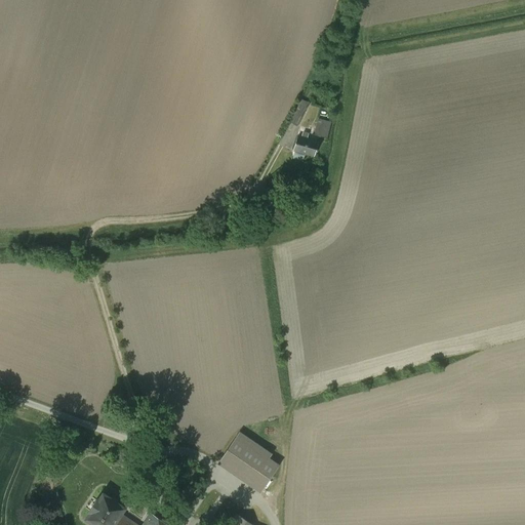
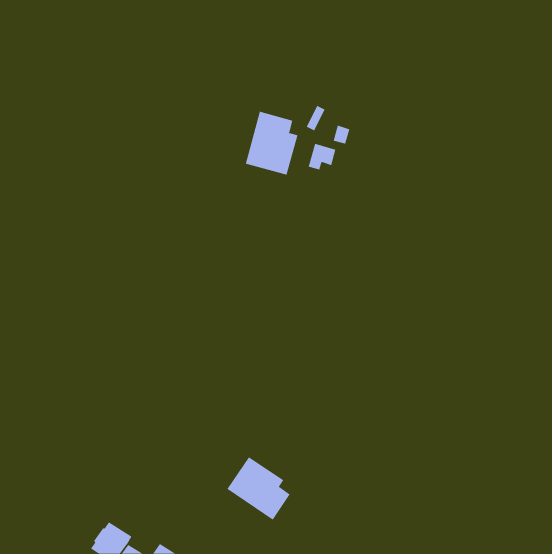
building: none -> [245,111,298,176]

